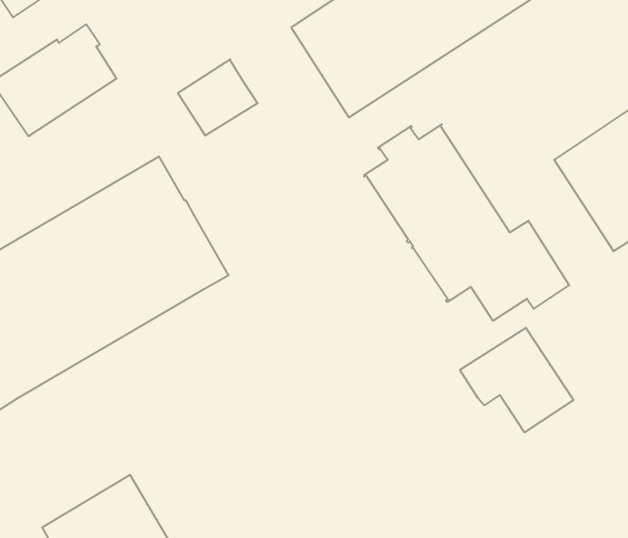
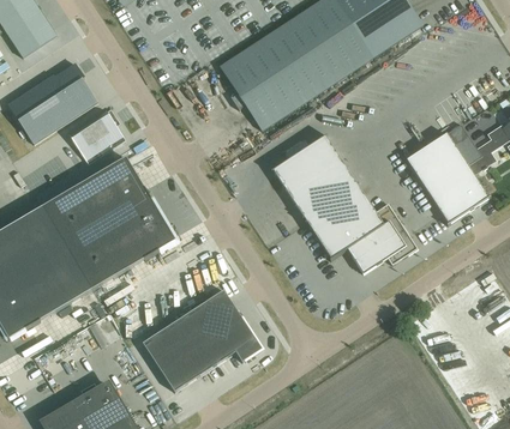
building: [178,59,258,135] -> [68,108,125,162]
building: [460,328,573,432] -> none
building: none -> [143,289,259,391]

